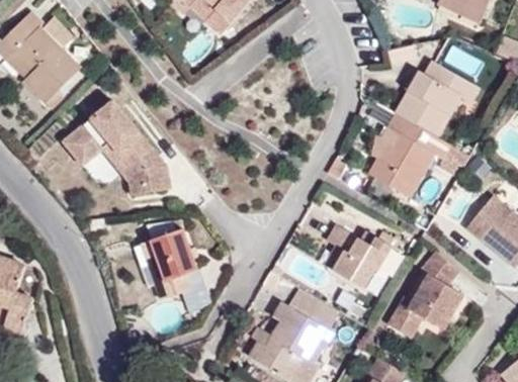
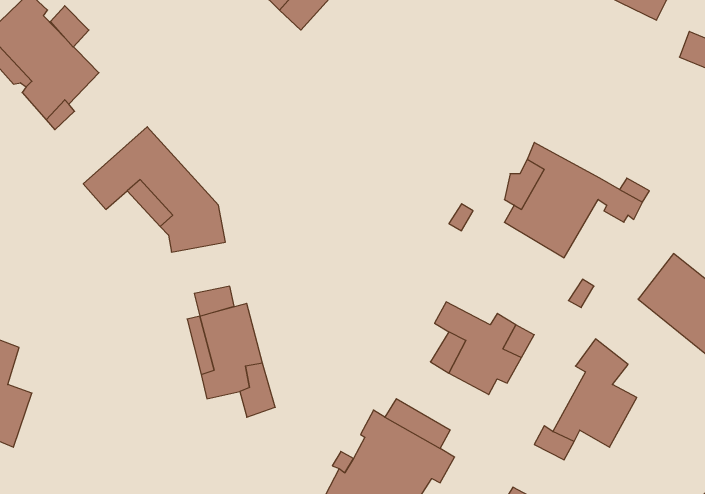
building: [390,63,478,139] -> none

